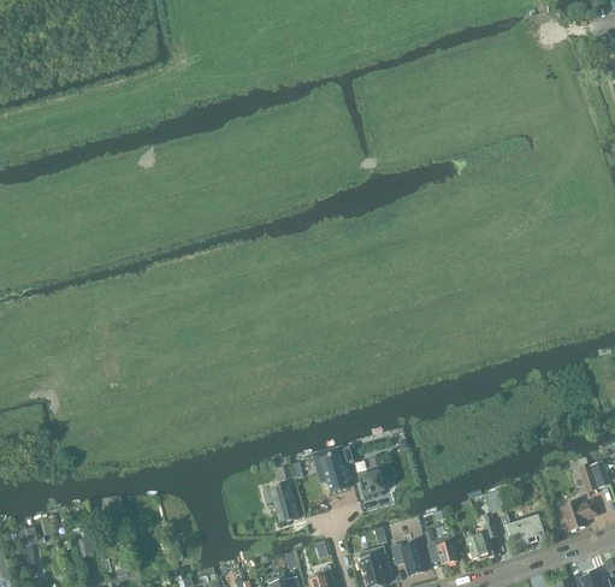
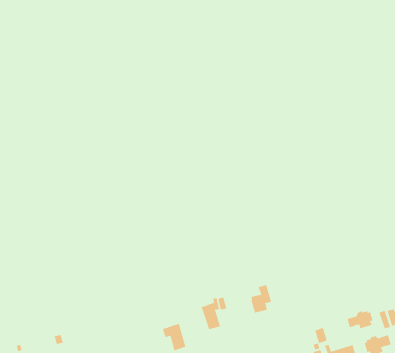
building: [361,457,392,499] -> [250,285,272,313]
building: none -> [347,311,373,329]

